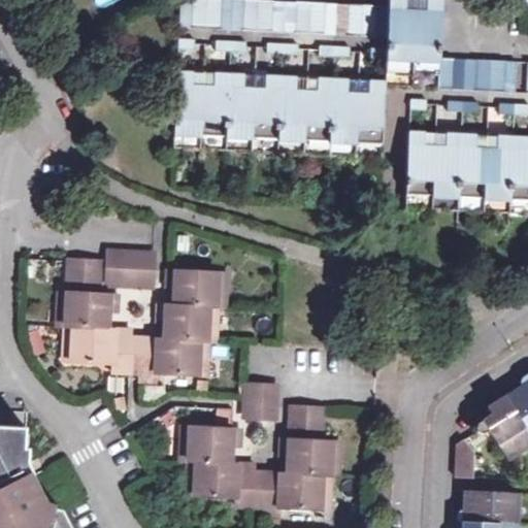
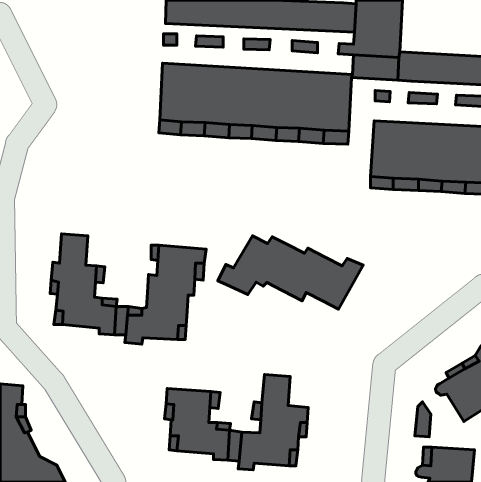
building: [106,248,152,280] -> none
building: none -> [218,236,363,309]
building: [244,385,274,417] -> none

